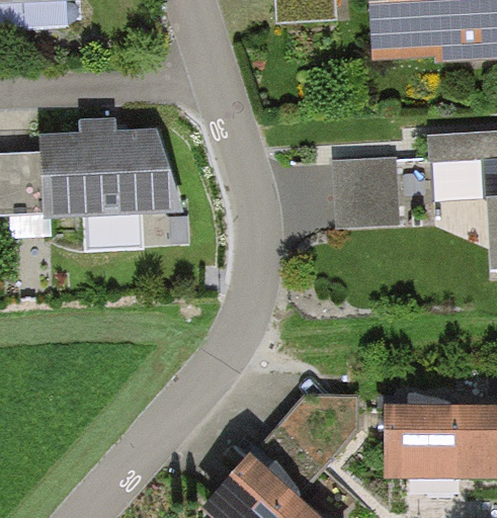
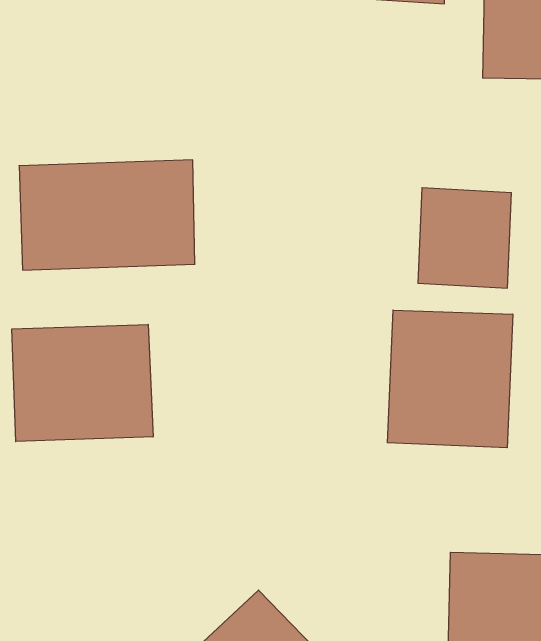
building: none -> [387,310,513,448]
building: none -> [12,324,153,442]

